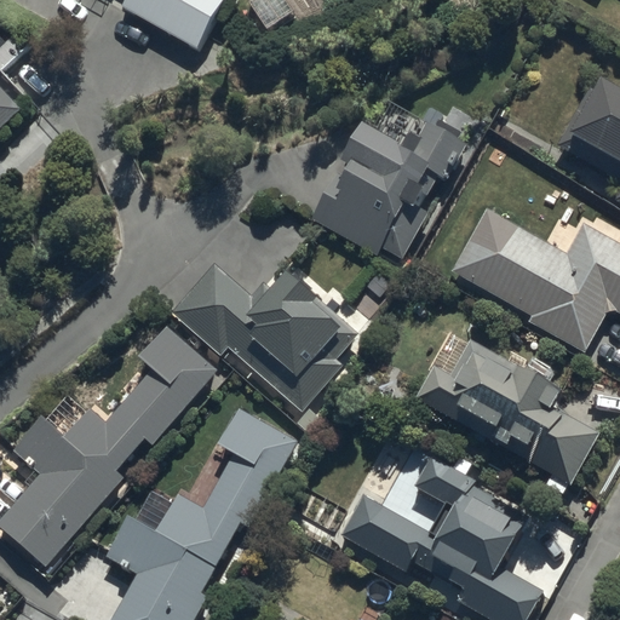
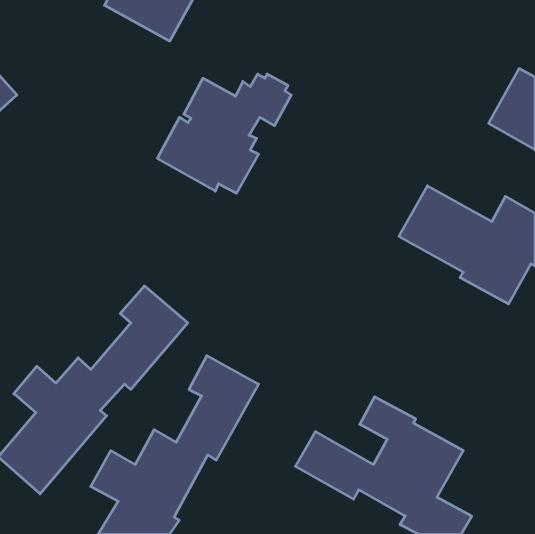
building: [309,120,463,257] -> [157,74,291,193]
building: [170,263,357,411] -> none
building: [417,340,599,486] -> none

